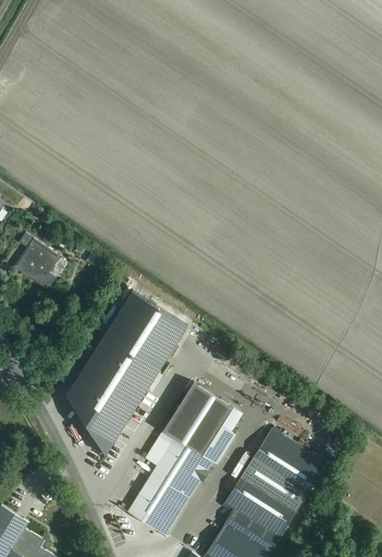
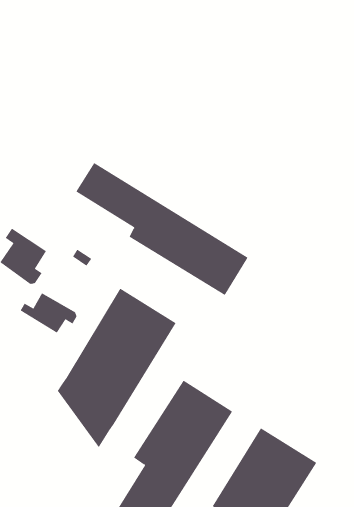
building: none -> [75,162,248,296]
building: none -> [20,292,77,334]

